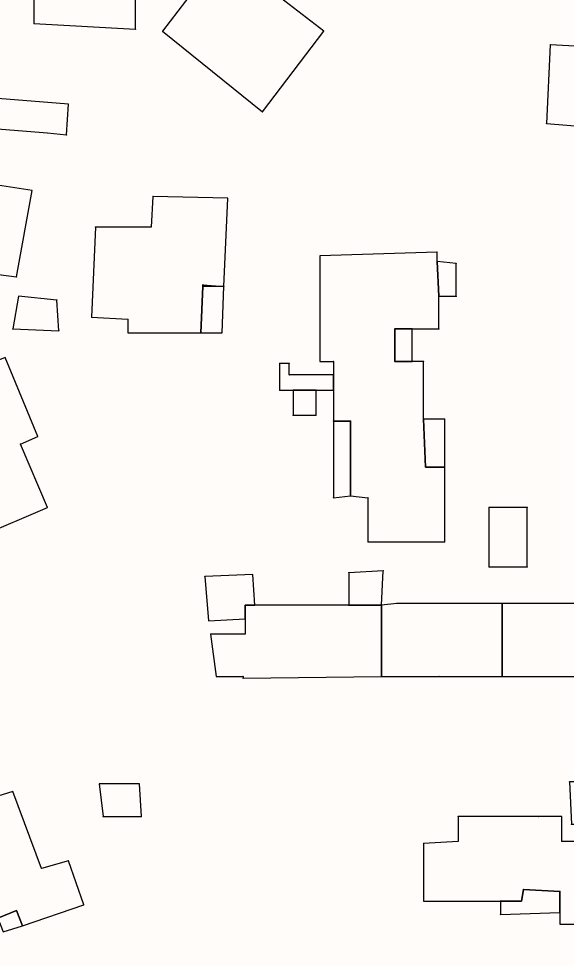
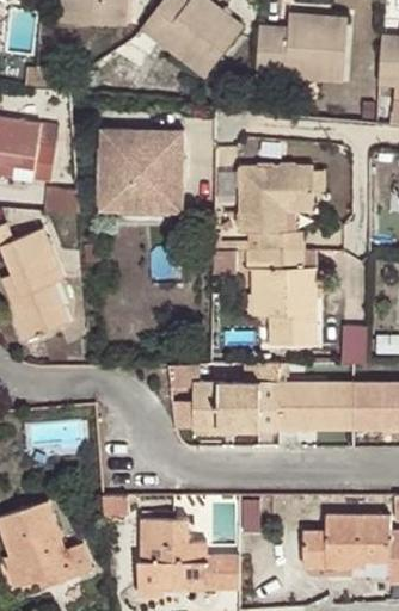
building: none -> [256,16,349,82]
building: none -> [139,518,240,595]

